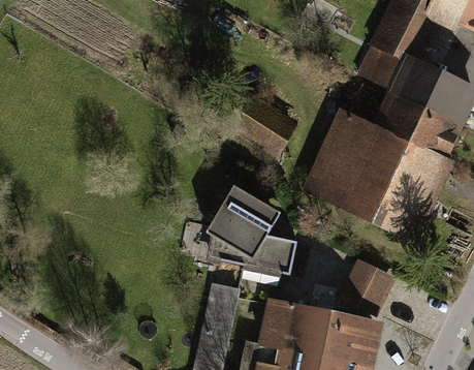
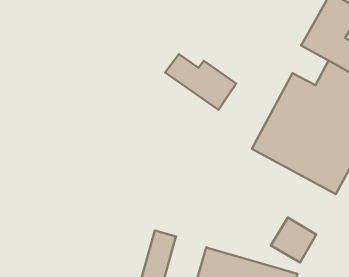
building: [206,187,297,276] -> none

